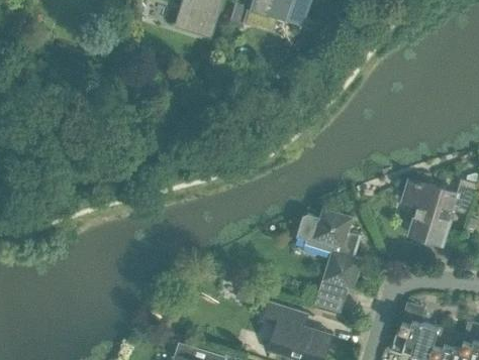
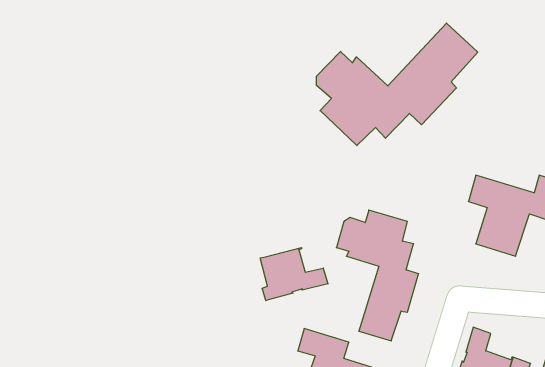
building: none -> [316,23,478,146]
building: none -> [260,248,328,301]

